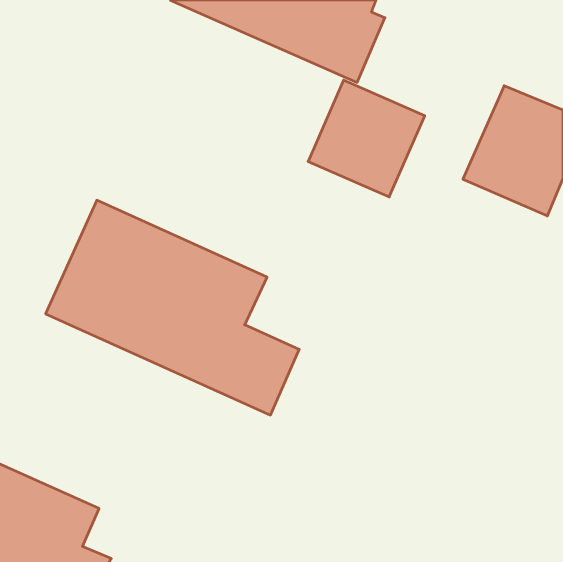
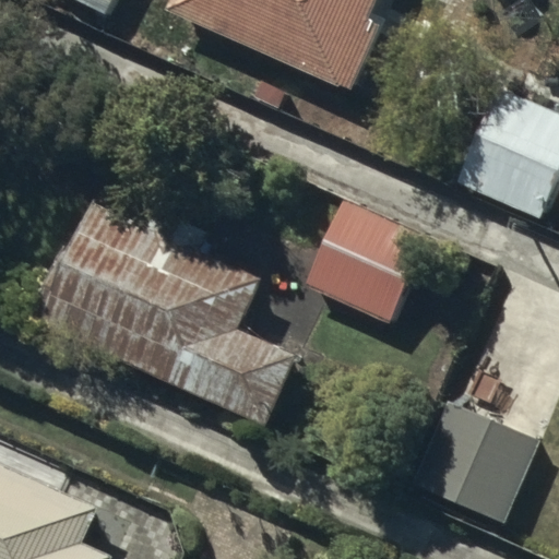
building: [308,80,425,197] -> [307,203,421,318]
building: none -> [412,405,535,523]

